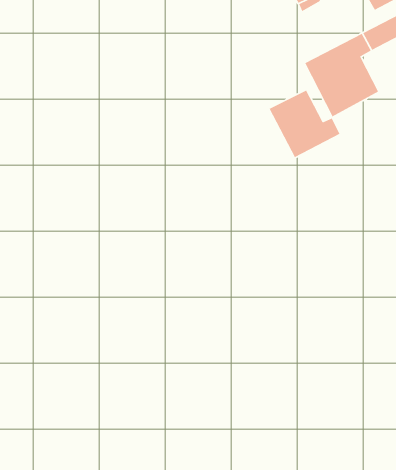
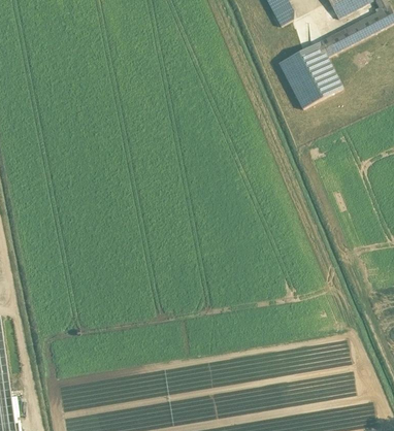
building: [268,90,341,158] -> none

